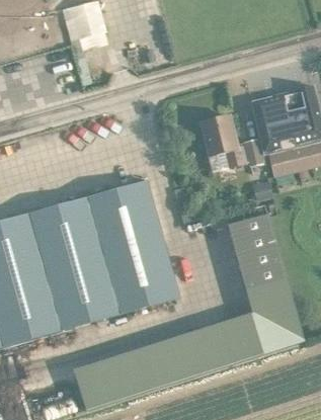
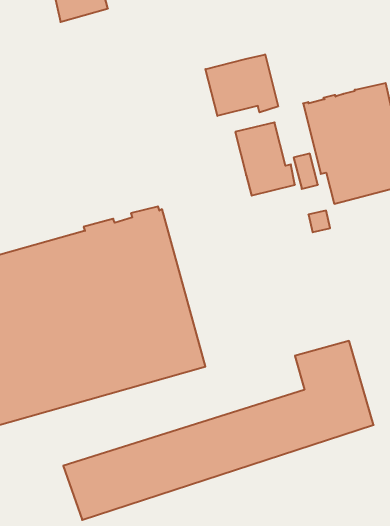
building: none -> [205,54,278,116]
building: [227,213,286,289] -> none

